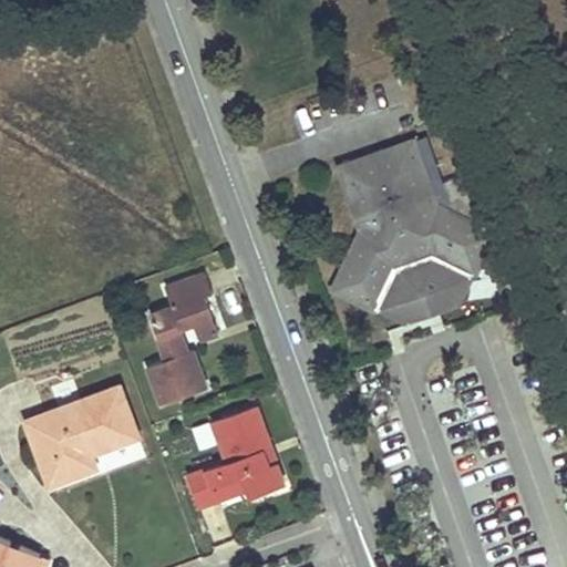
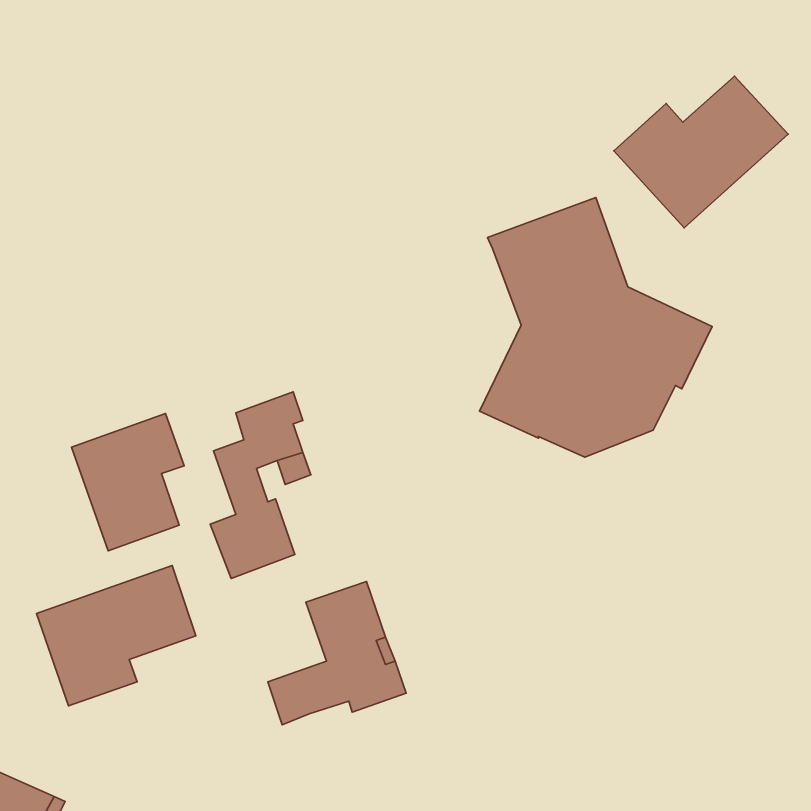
building: none -> [614,76,788,228]
building: none -> [72,413,184,551]

